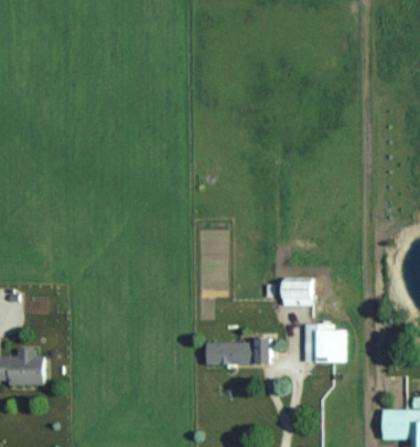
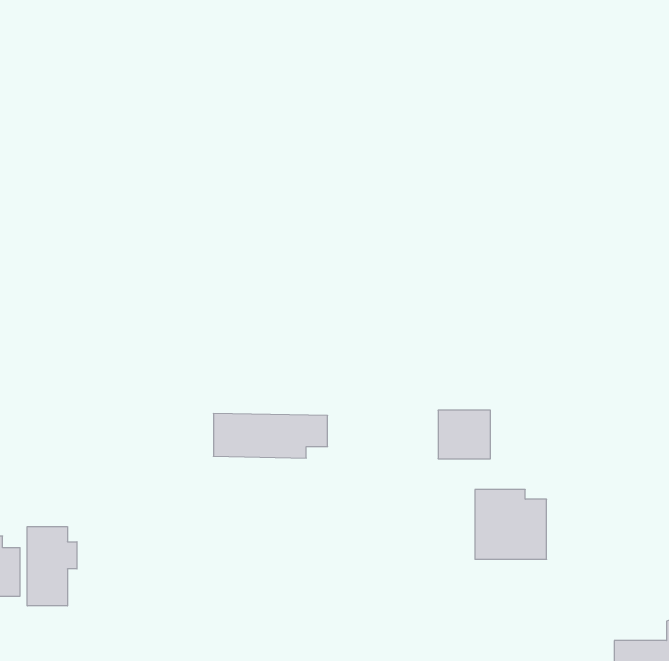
building: [206,340,271,365] -> [213,414,328,458]
building: none -> [27,527,77,606]

